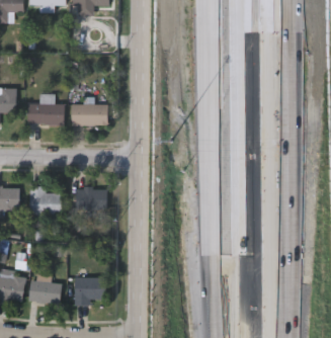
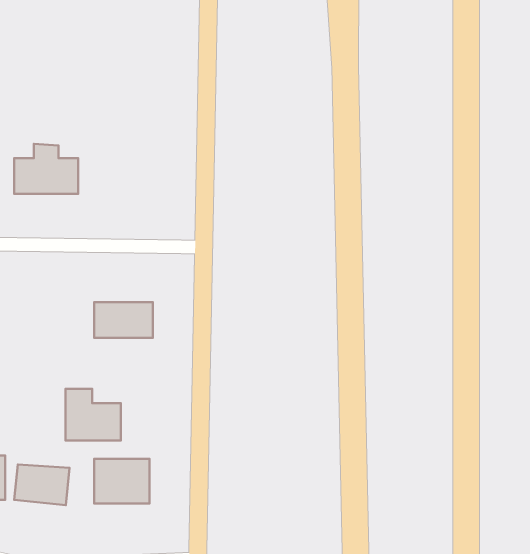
building: [73,105,109,126] -> none
building: [30,185,62,215] -> [66,389,121,440]

